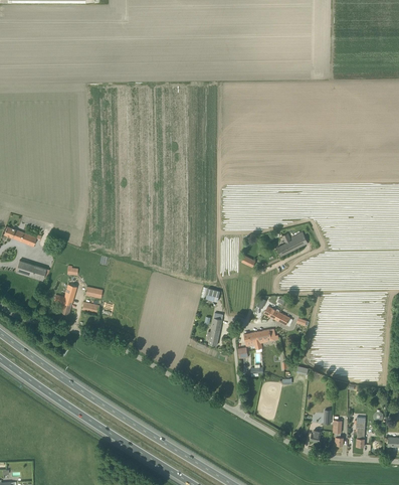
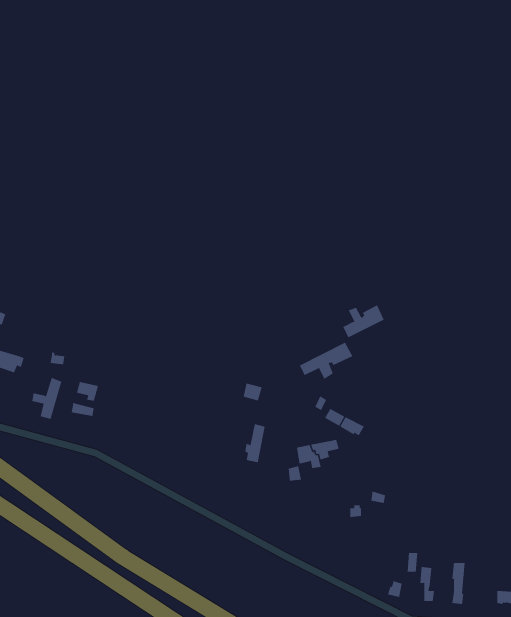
building: none -> [299,342,353,380]

